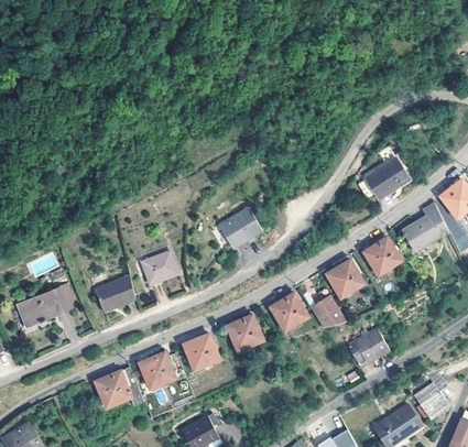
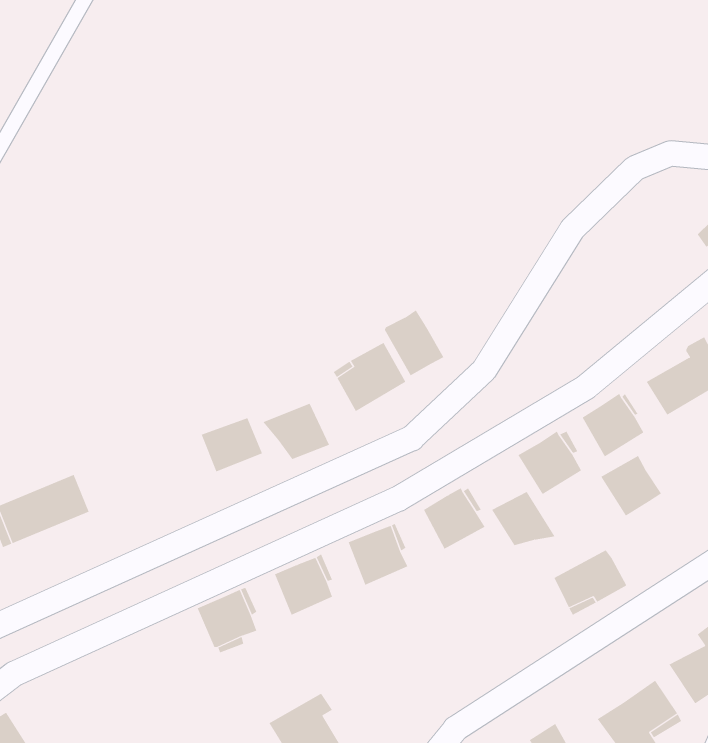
building: [364,157,410,199] -> none
building: none -> [384,310,444,376]
building: none -> [262,403,330,460]
building: none -> [601,455,662,516]
building: [96,277,134,309] -> none
building: [95,368,144,405] -> none

